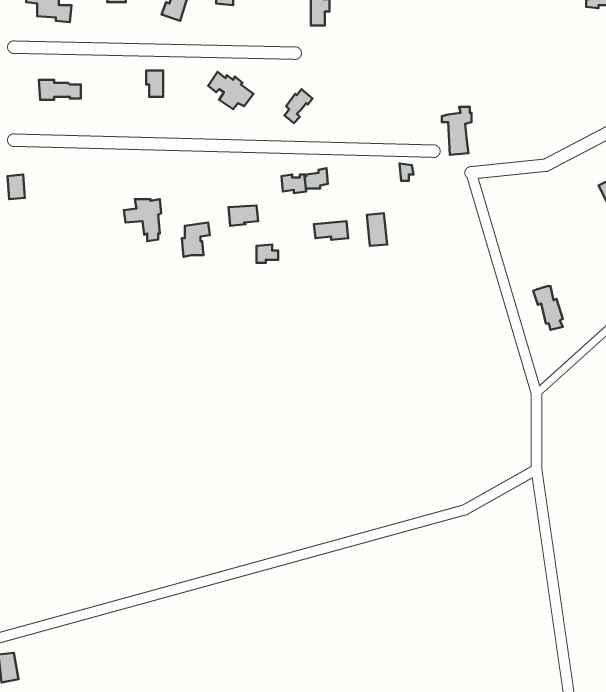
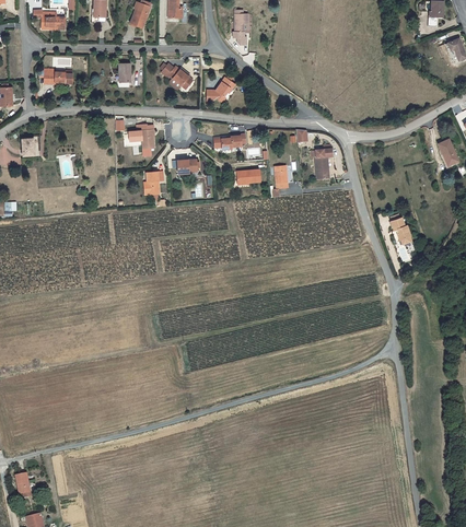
building: [442,107,471,155] -> [311,143,331,177]
building: [124,199,161,241] -> [128,125,154,154]

